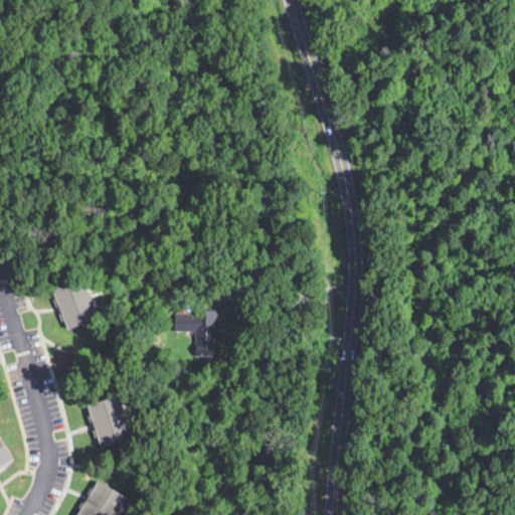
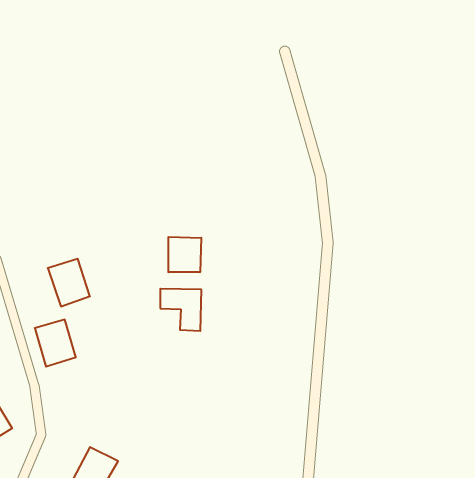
building: none -> [168,237,201,272]
building: [88,396,132,447] -> [35,320,76,367]

